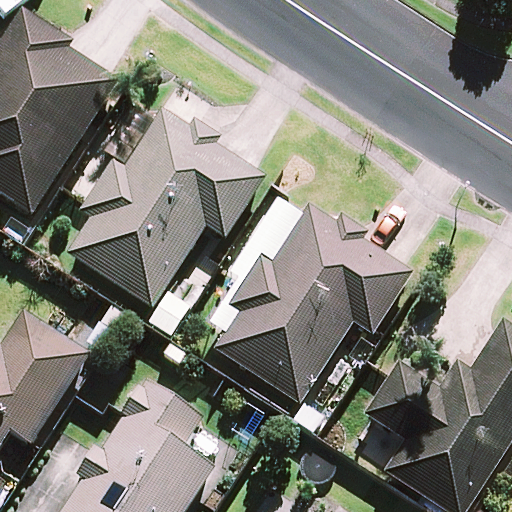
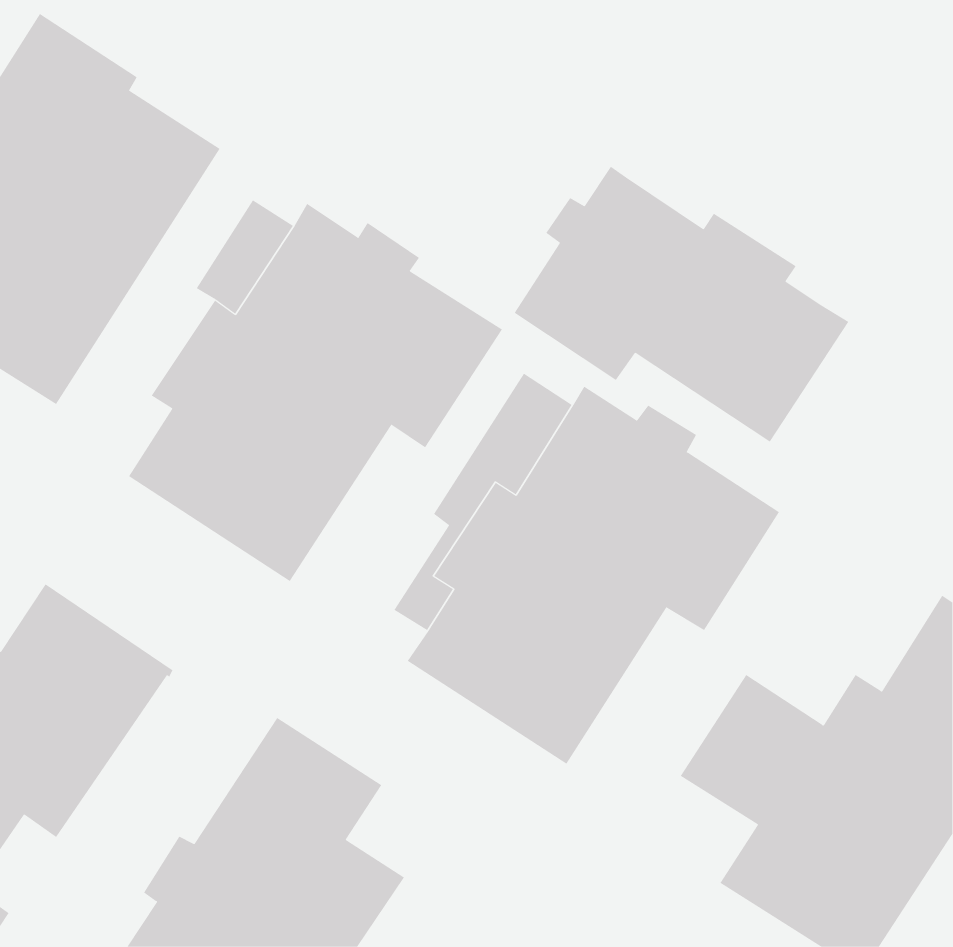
building: none -> [514,166,849,442]

